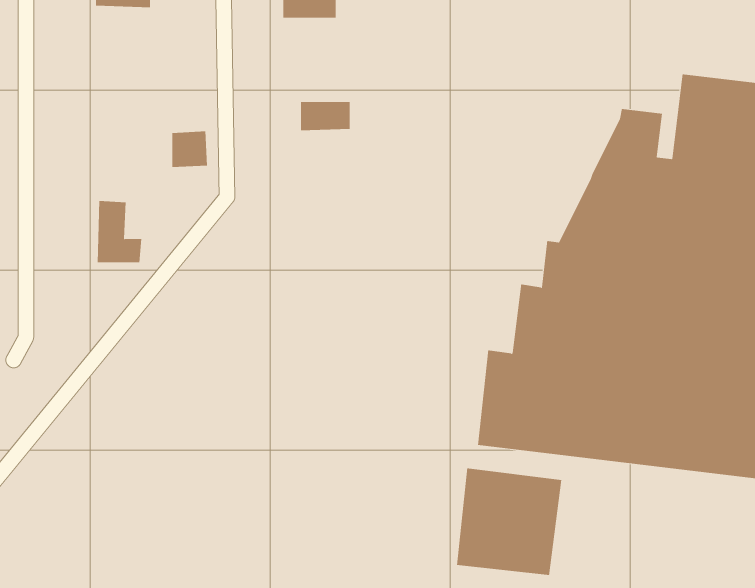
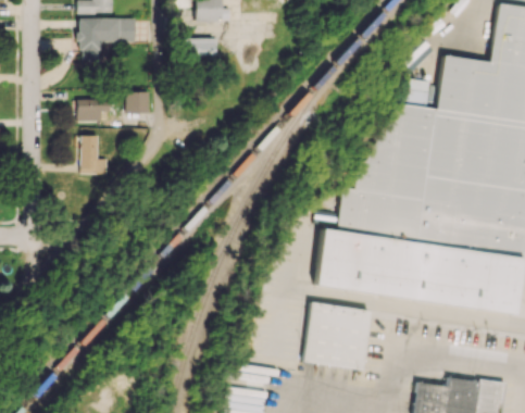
building: none -> [78,17,135,64]
building: [300,101,351,131] -> [185,38,216,57]
building: none -> [77,99,109,121]

